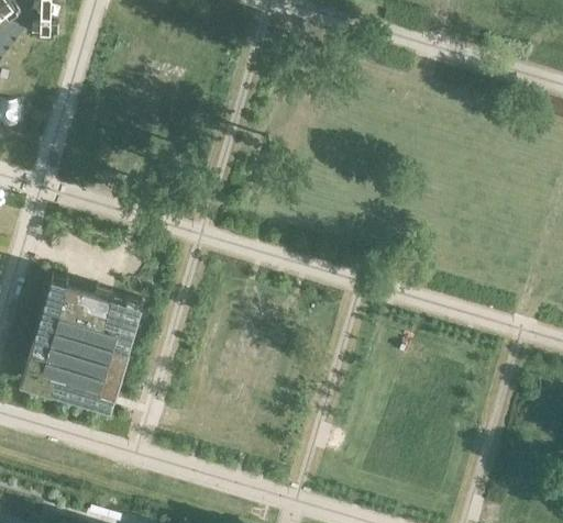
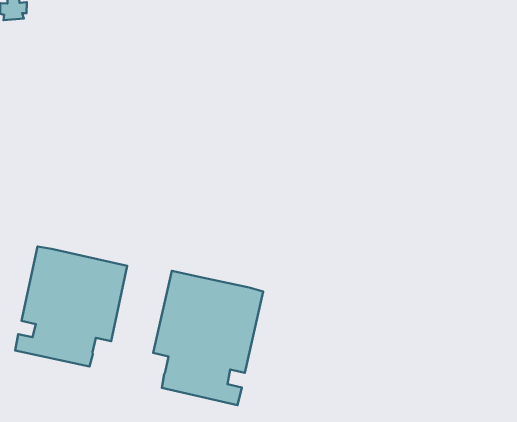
building: none -> [153,271,263,405]

